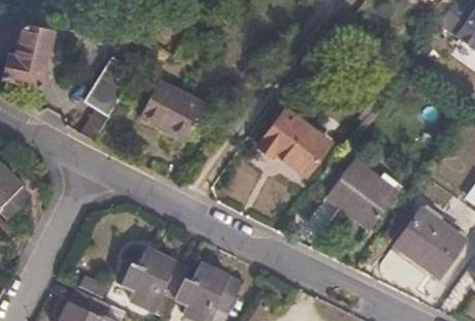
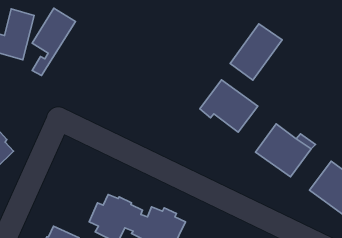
building: none -> [230,24,282,80]
building: [84,55,138,138] -> [32,8,76,76]
building: [143,79,209,139] -> none

